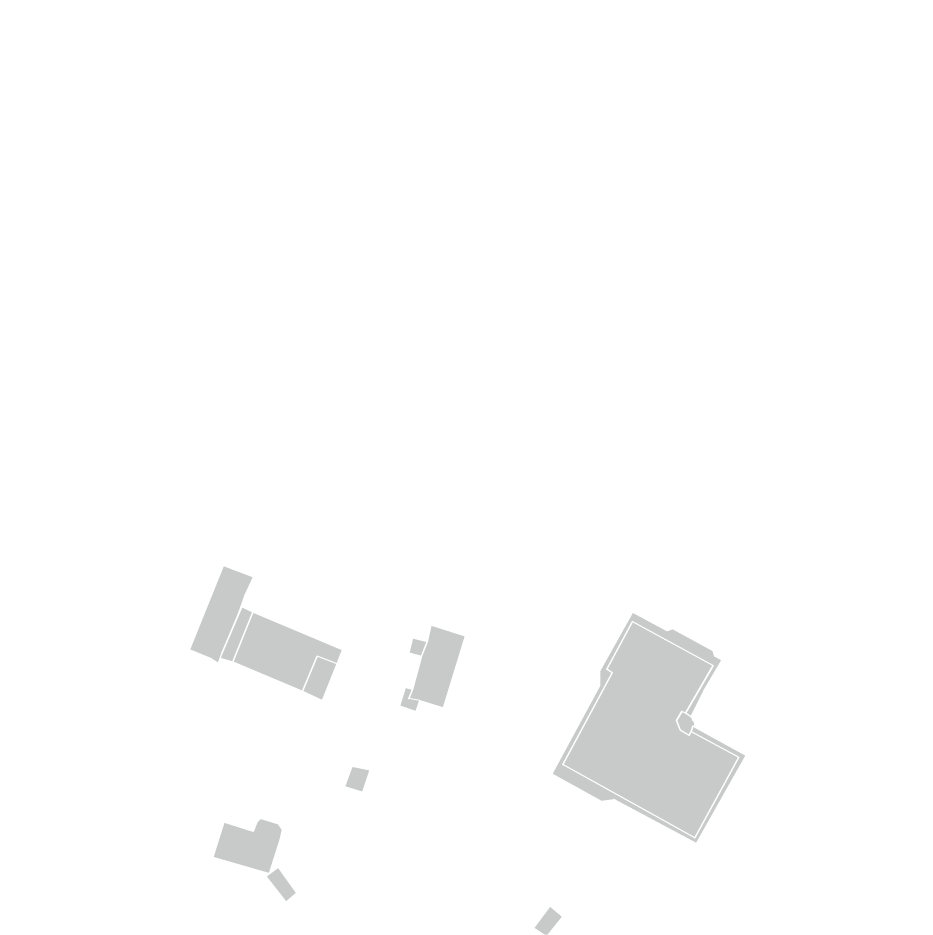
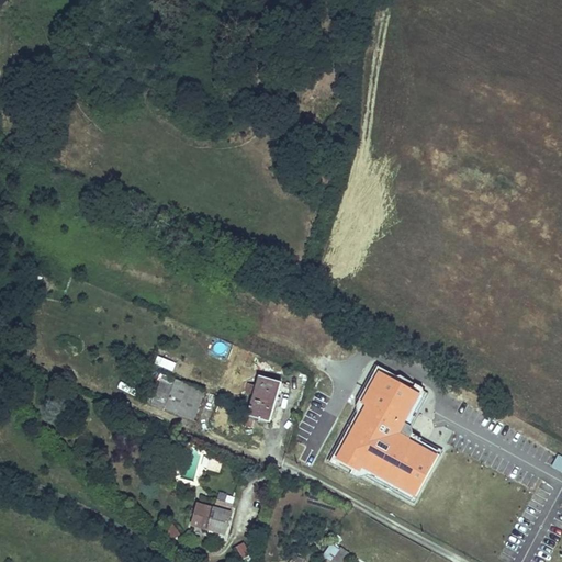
building: [189,565,253,663] -> none
building: [213,819,282,874] -> [188,503,229,536]

